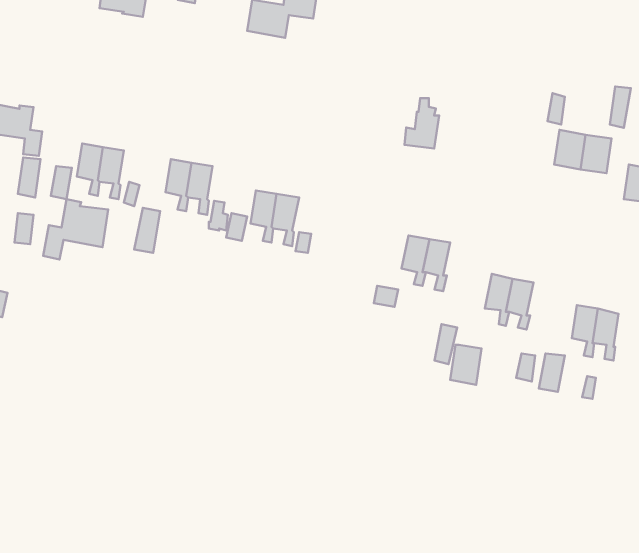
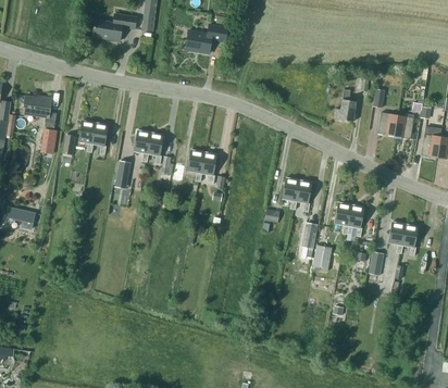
building: [405,98,439,148] -> [334,90,356,122]
building: [43,199,108,259] -> none

